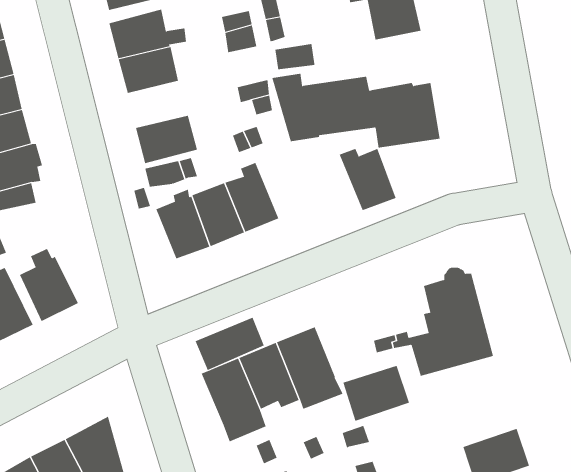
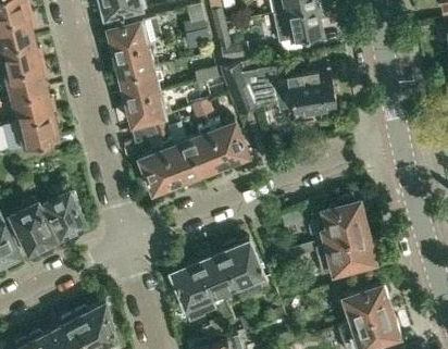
building: none -> [119,68,161,101]
building: [339,148,397,211] -> [208,121,248,164]
building: [195,317,265,371] -> none
building: [342,365,410,421] -> [343,284,389,323]

